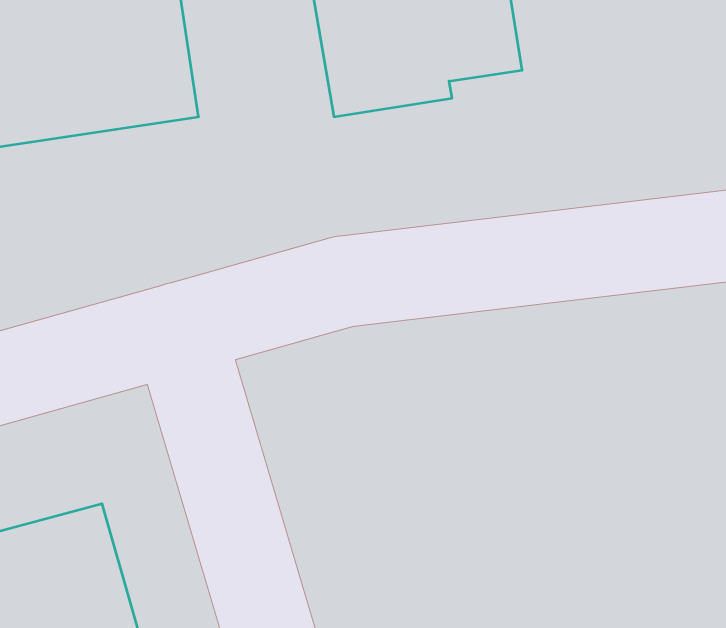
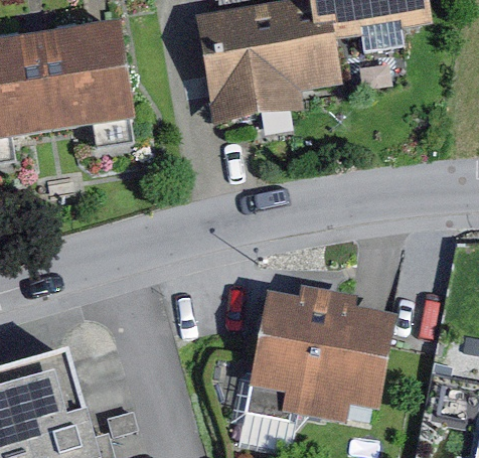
building: none -> [244,290,393,425]

